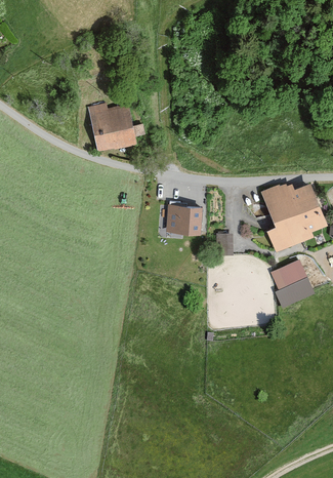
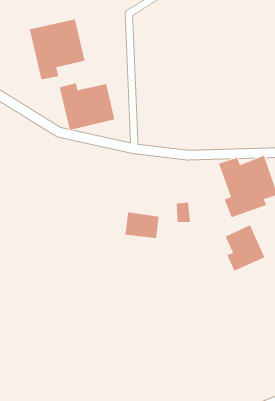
building: none -> [29,18,85,80]
building: [163,205,202,235] -> [125,212,160,239]

